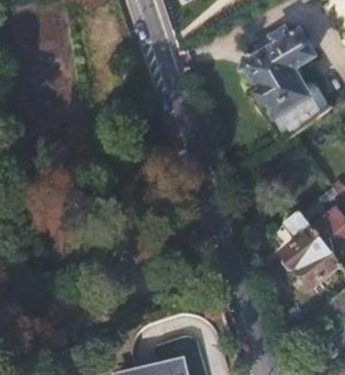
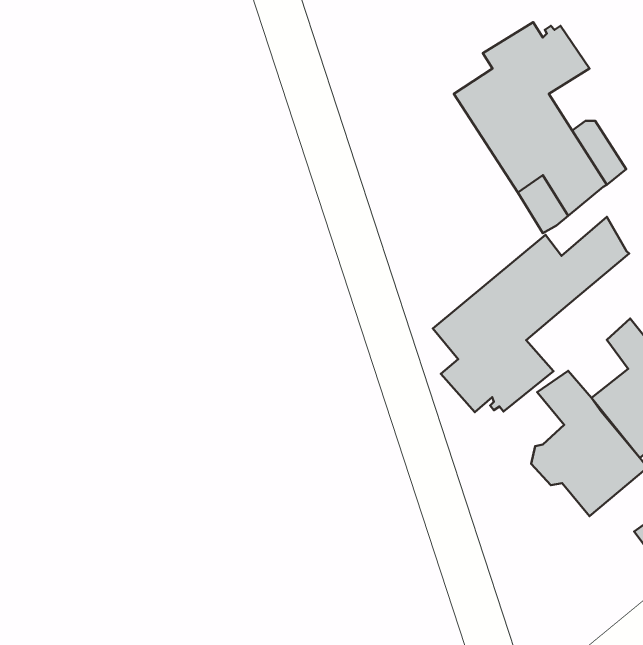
building: none -> [433,217,629,412]

